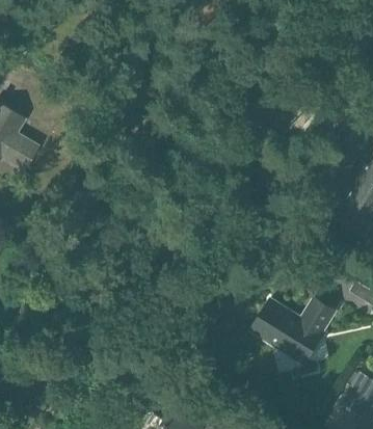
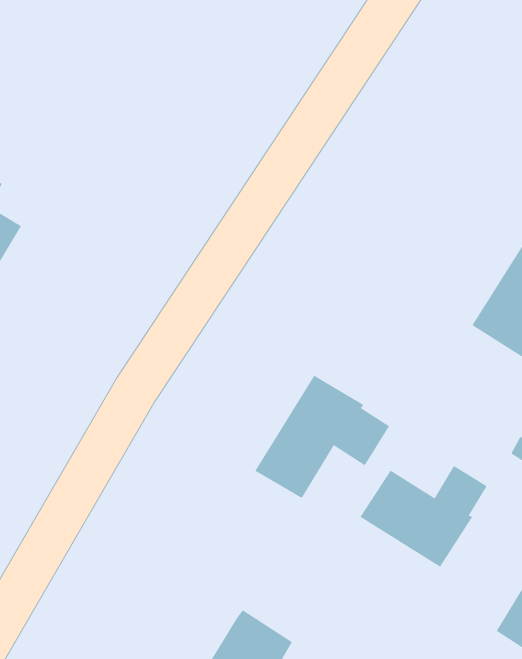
building: none -> [255,375,390,499]

